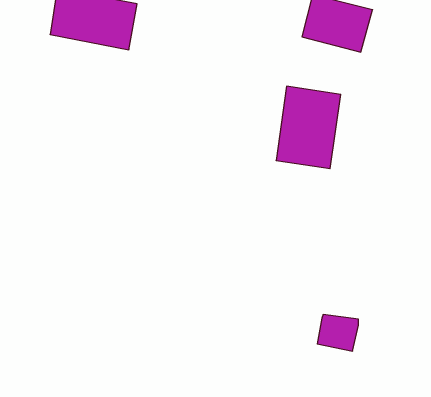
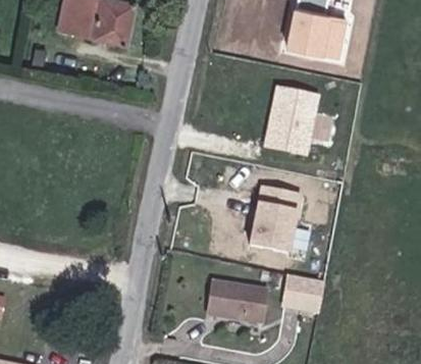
building: none -> [250,187,303,257]
building: none -> [218,275,277,318]

